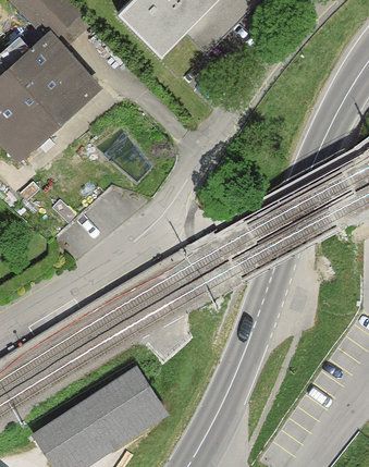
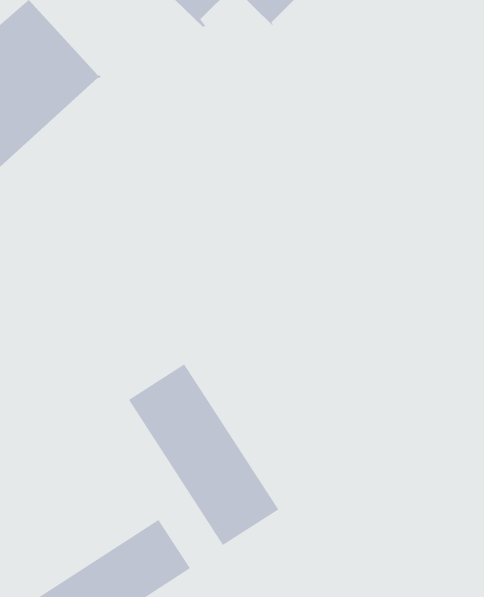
building: none -> [128,363,279,546]

